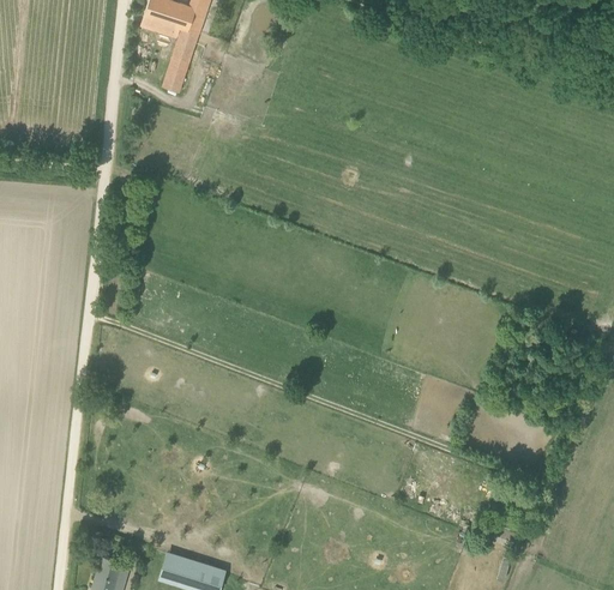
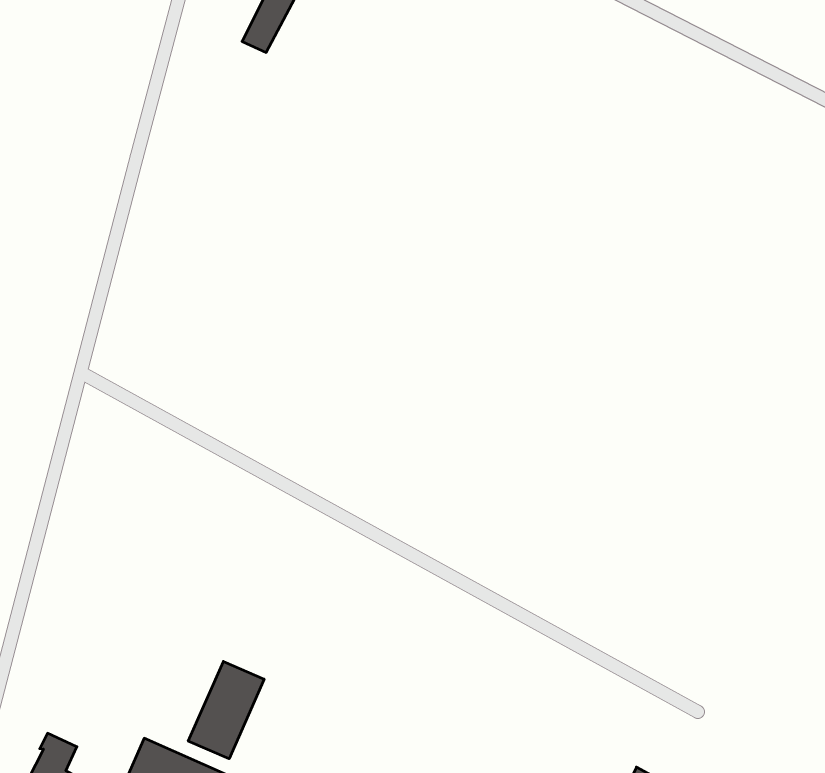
building: none -> [188,661,264,759]

